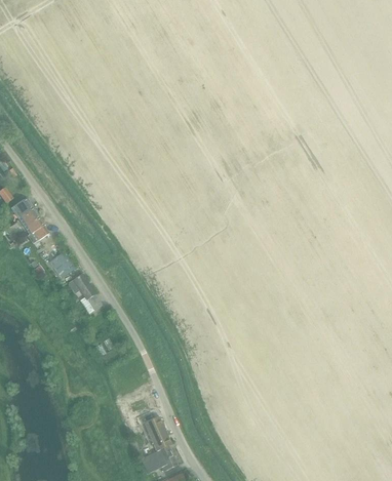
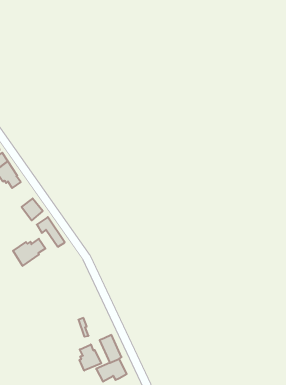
building: none -> [13,239,45,266]
building: none -> [79,344,101,371]

